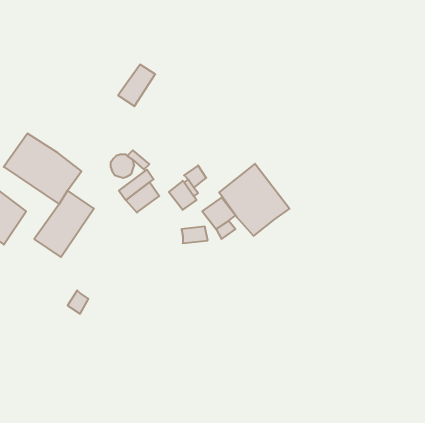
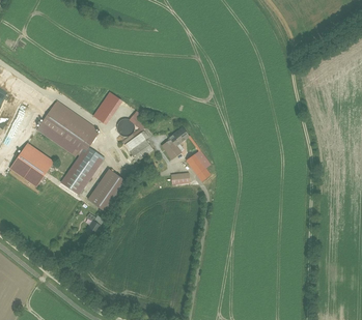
building: [118,65,155,106] -> [91,92,119,123]
building: [219,164,289,236] -> none
building: none -> [86,168,128,213]

